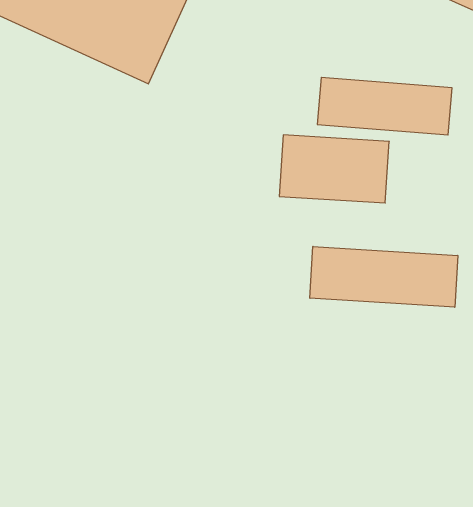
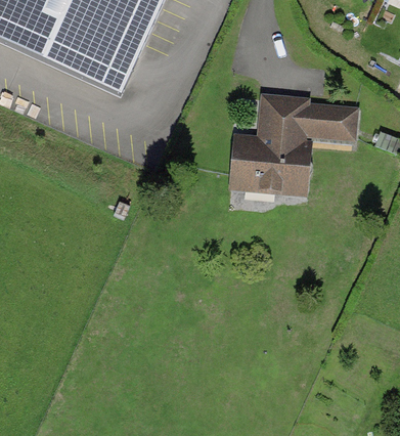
building: [310,246,458,307] -> none

